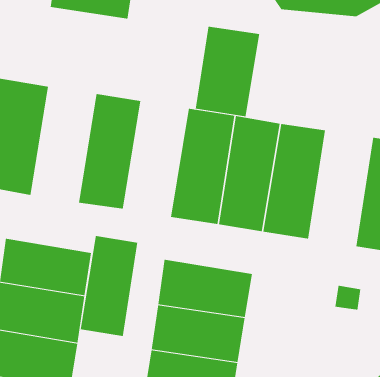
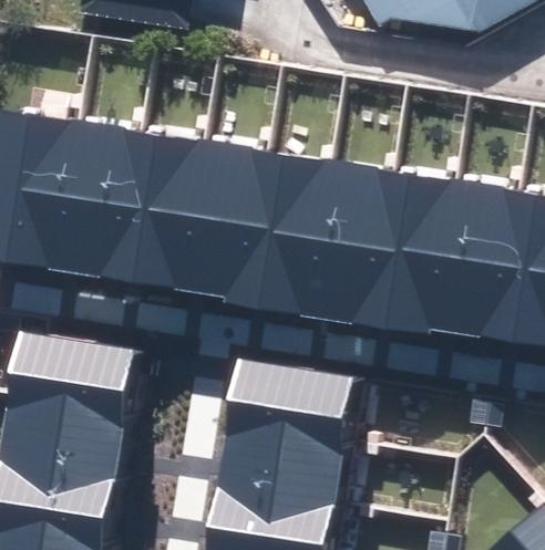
building: [195,26,260,117] -> none
building: none -> [51,122,140,281]
building: none -> [177,142,266,301]
building: none -> [431,181,518,341]
building: [80,235,138,337] -> none

